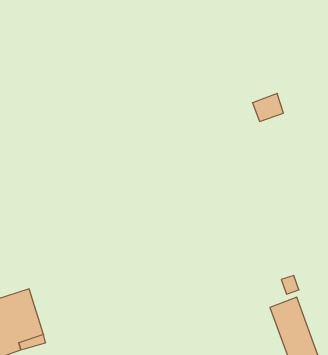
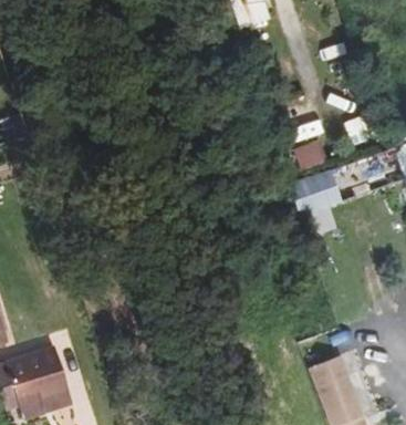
building: none -> [287,170,339,218]

